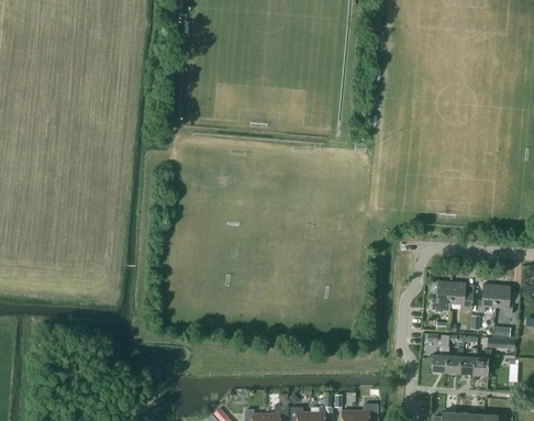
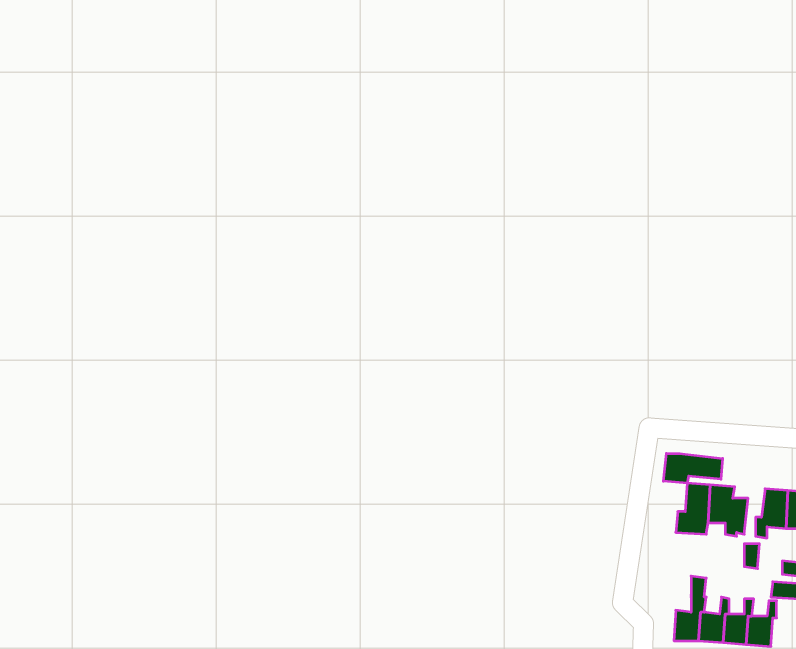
building: none -> [663,453,723,483]

